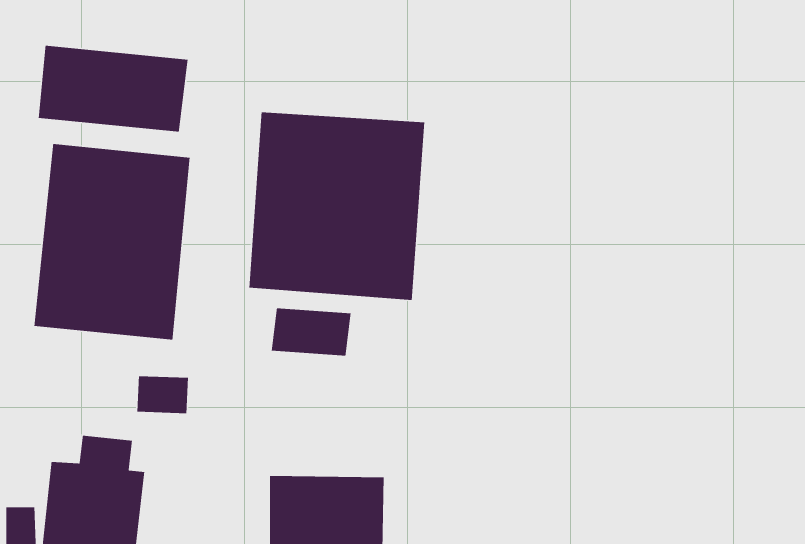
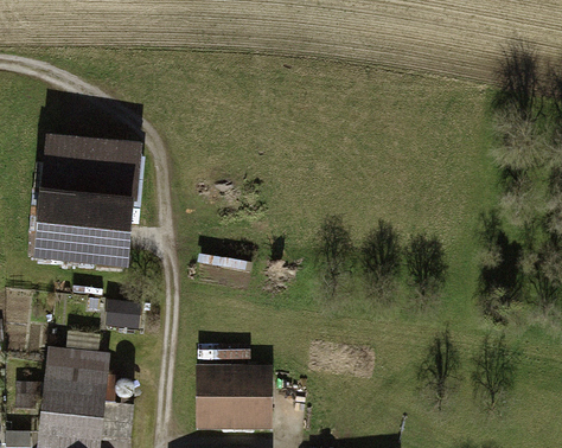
building: [38,45,189,133] -> none
building: [249,112,425,301] -> none

